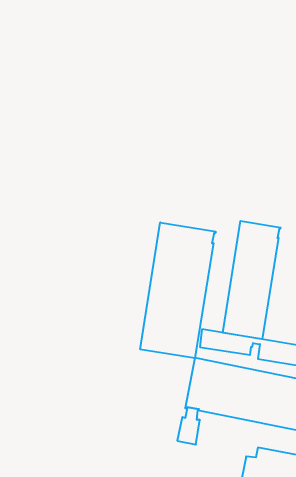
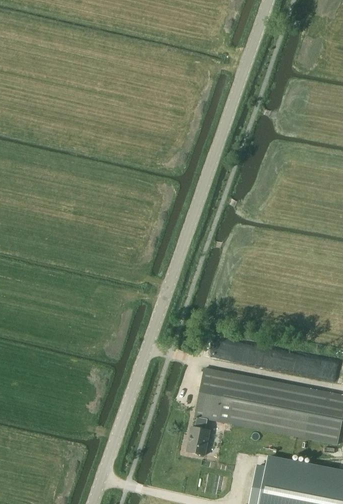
building: [223,221,281,339] -> none
building: [140,222,216,358] -> none

